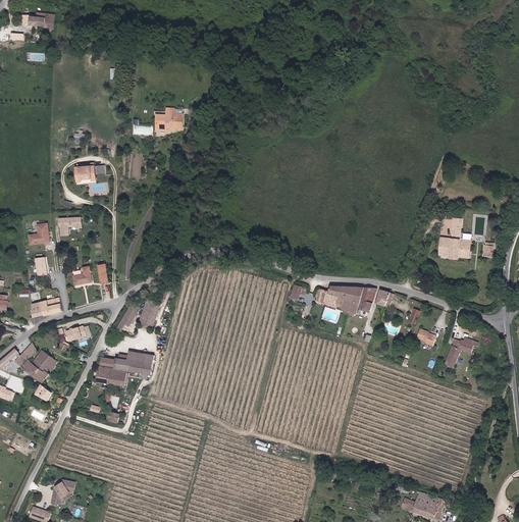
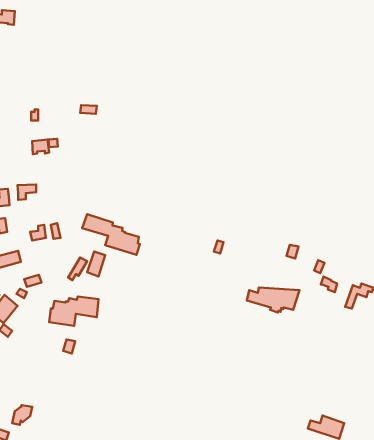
building: [155,107,183,130] -> none
building: [439,217,471,260] -> none
building: none -> [82,214,140,255]
building: [315,285,377,315] -> [247,288,299,313]

